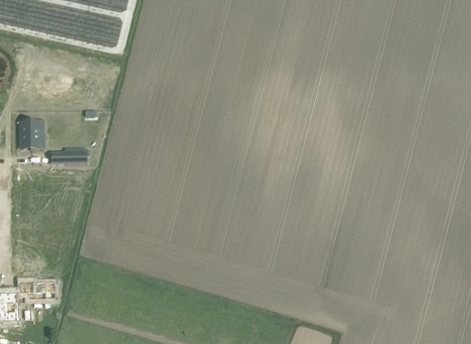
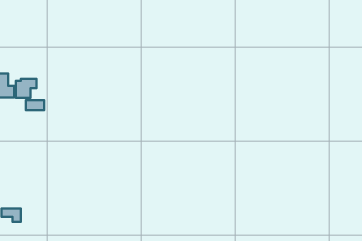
building: none -> [16,79,36,98]

